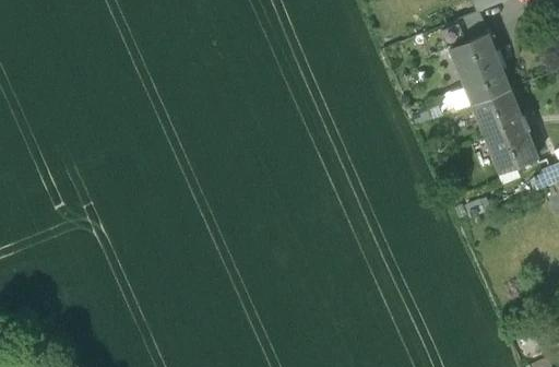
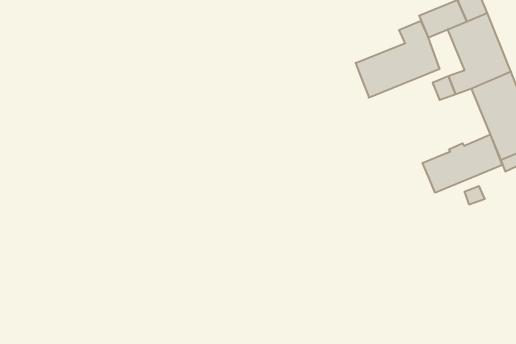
building: none -> [356,21,440,98]
building: none -> [422,135,502,193]

